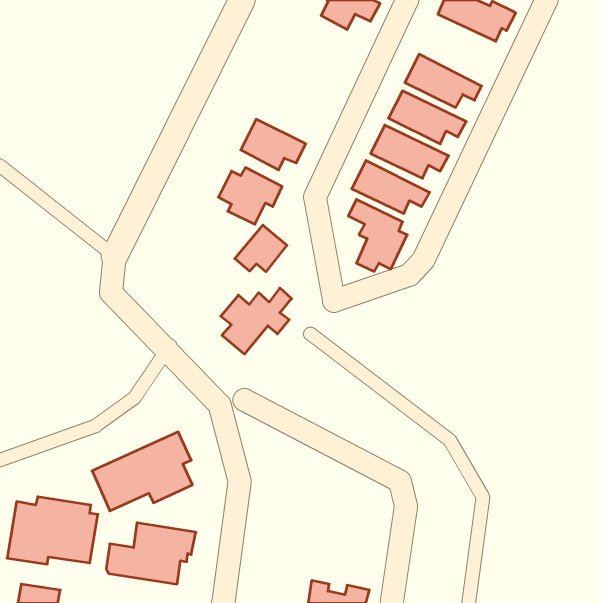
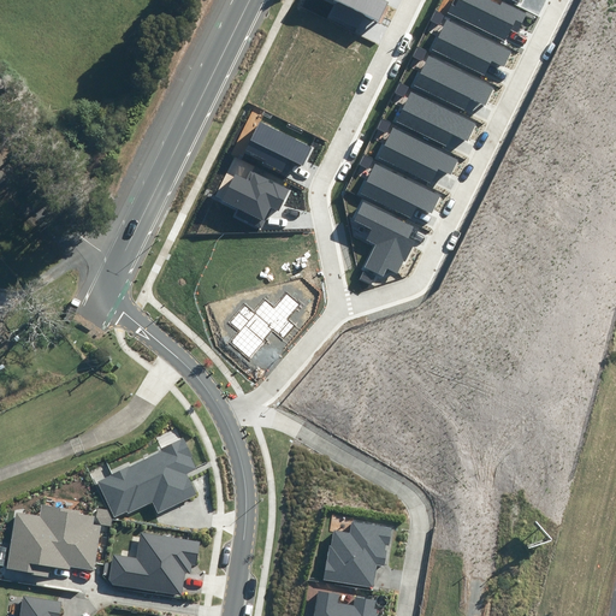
building: none -> [432,20,510,75]
building: [235,225,287,272] -> none
building: none -> [322,521,390,587]

